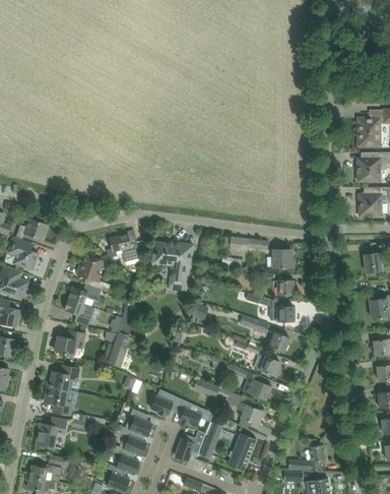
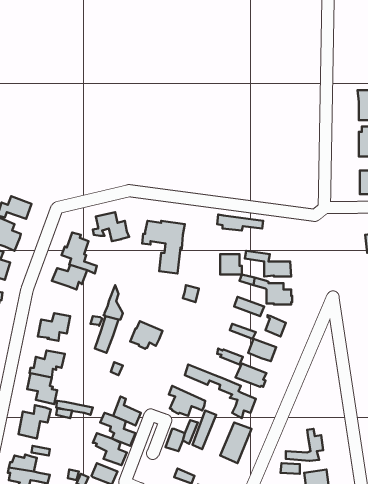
building: [272,249,292,268] -> [220,254,242,274]
building: [63,299,93,326] -> none
building: [150,389,181,416] -> [130,321,162,349]

